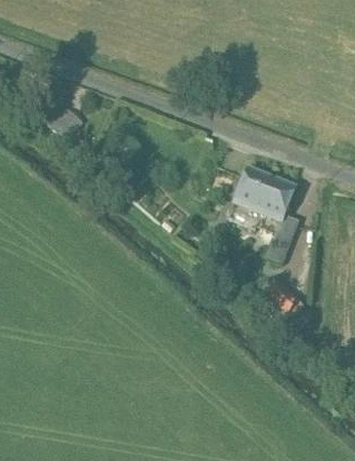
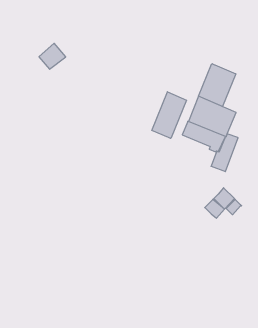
building: none -> [198,64,236,107]
building: none -> [152,92,187,138]

